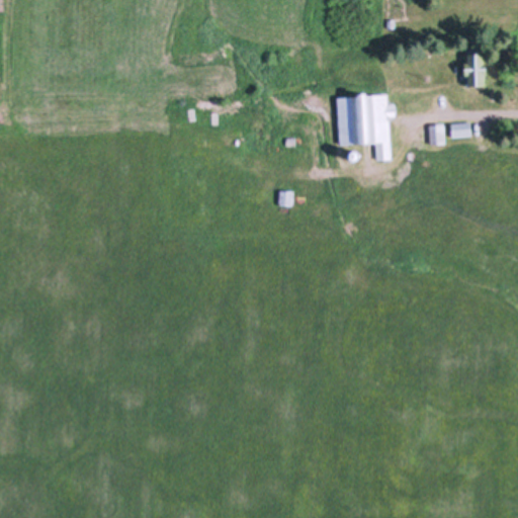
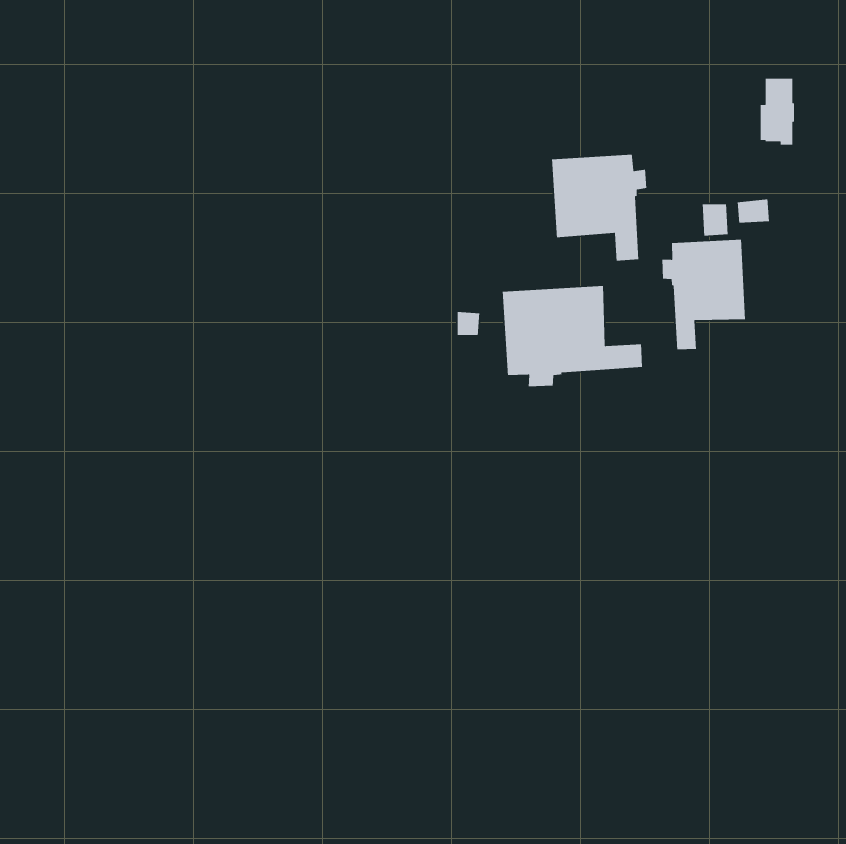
building: none -> [661,239,746,350]
building: none -> [502,285,643,387]

